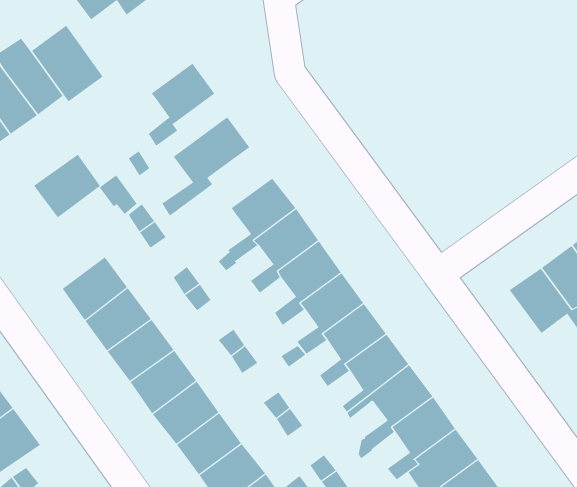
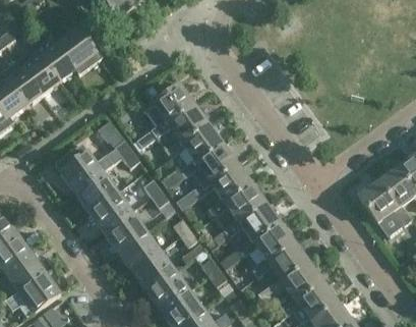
building: [148,63,215,147] -> [165,104,207,157]
building: [33,154,101,218] -> [59,153,102,194]

